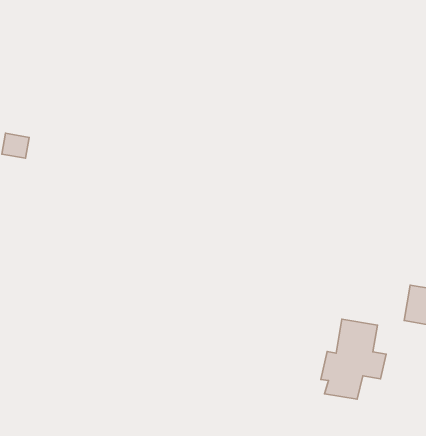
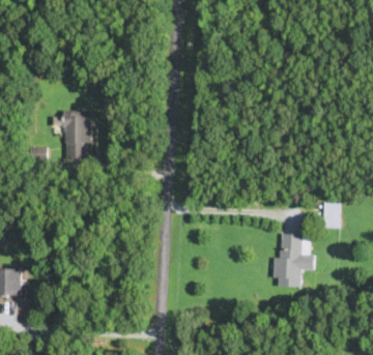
building: none -> [65,111,91,158]

